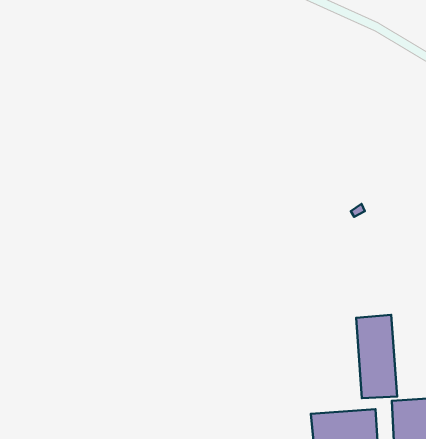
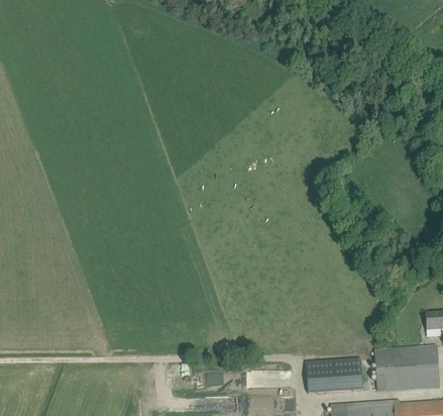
building: [356,315,397,398] -> none

